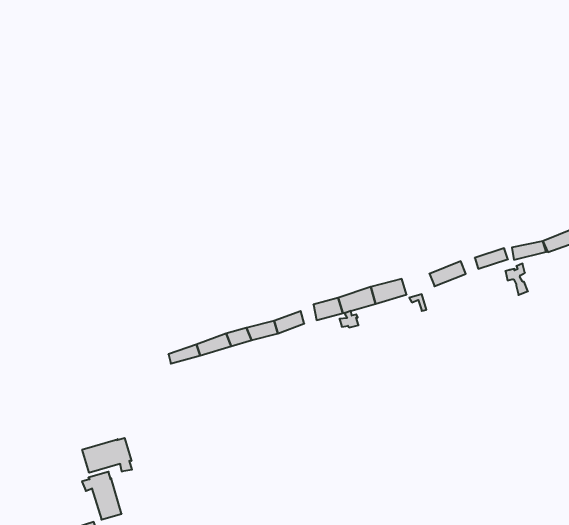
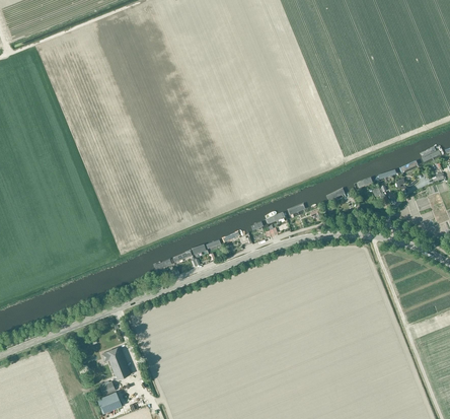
building: [82,438,132,473] -> none

